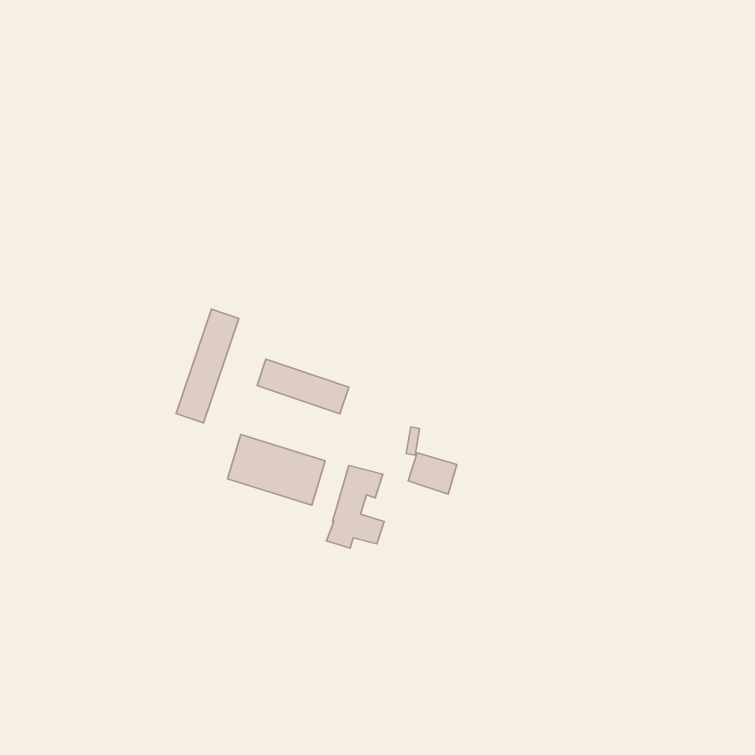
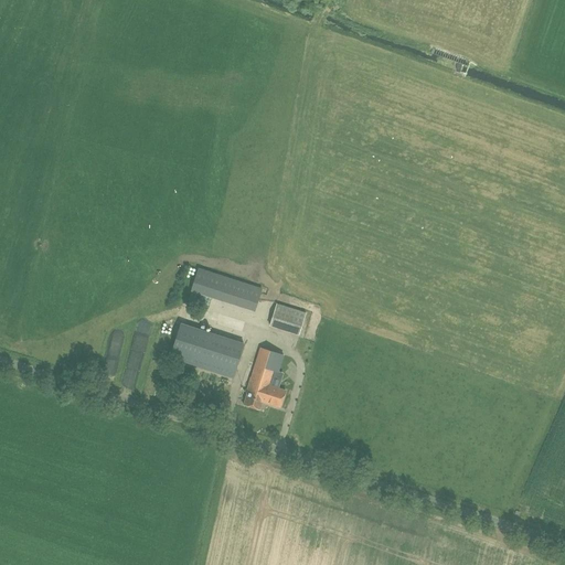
building: [176,309,239,423] -> none
building: [408,453,457,494] -> [270,303,307,334]

